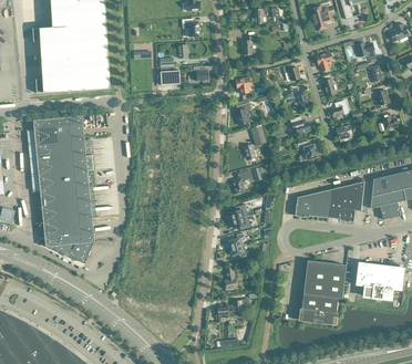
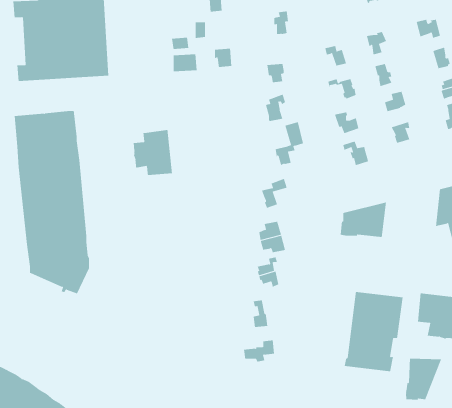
building: none -> [133,129,172,176]
building: [328,181,364,220] -> none
building: none -> [406,358,442,400]

